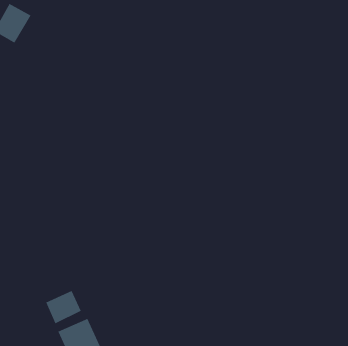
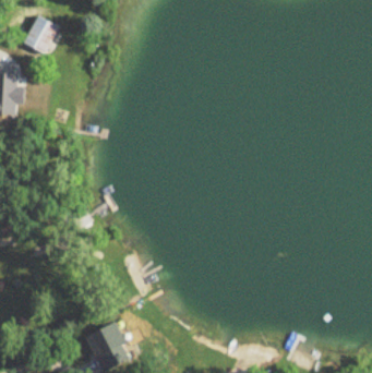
building: [46,290,82,324] -> none

